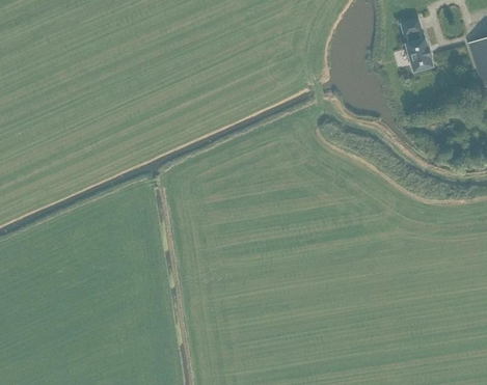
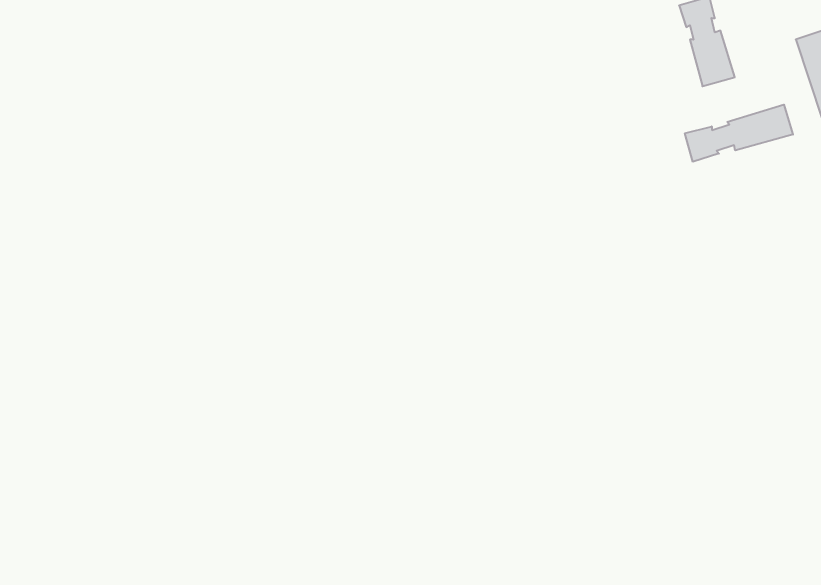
building: none -> [685,105,793,162]

